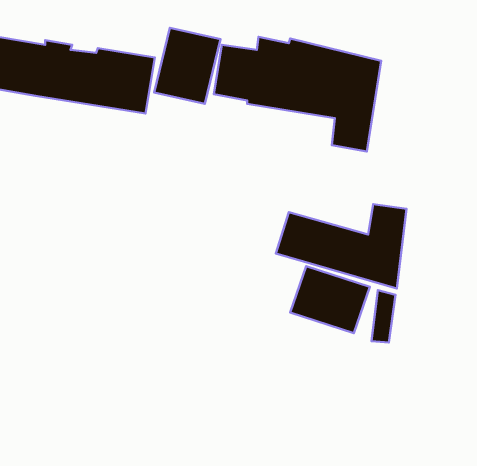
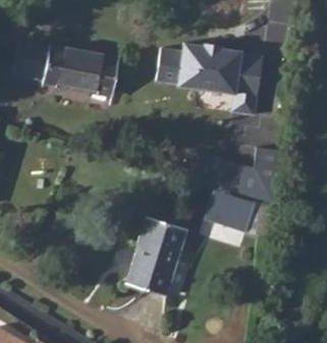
building: [154,28,221,104] -> none
building: none -> [124,217,184,297]

